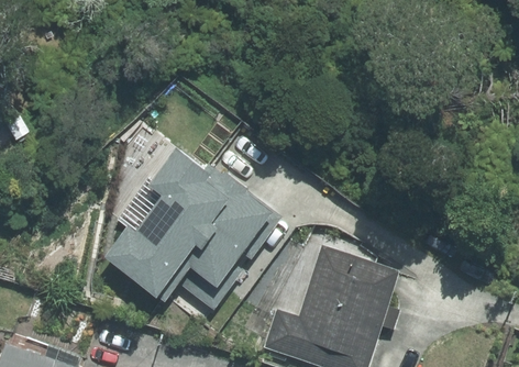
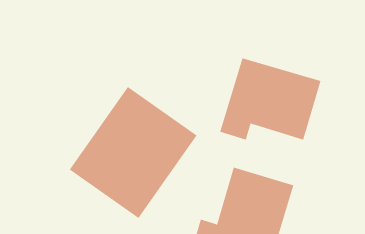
building: none -> [220,57,321,140]

